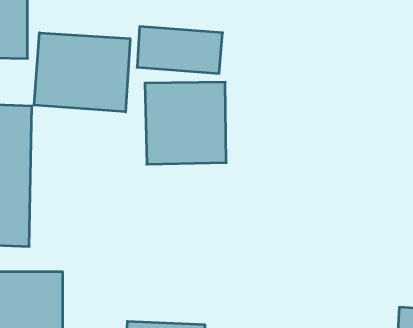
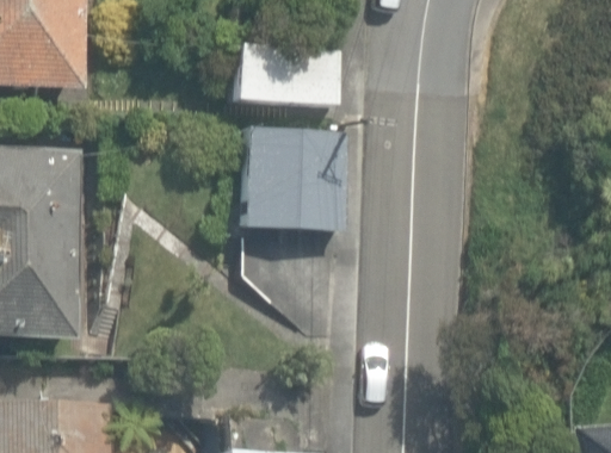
building: [34,33,130,112] -> none

